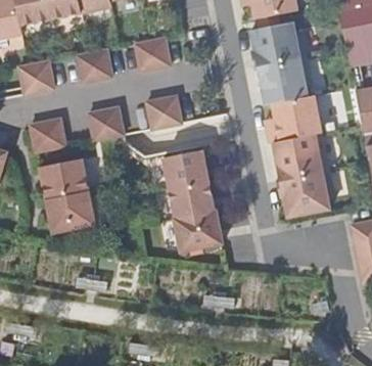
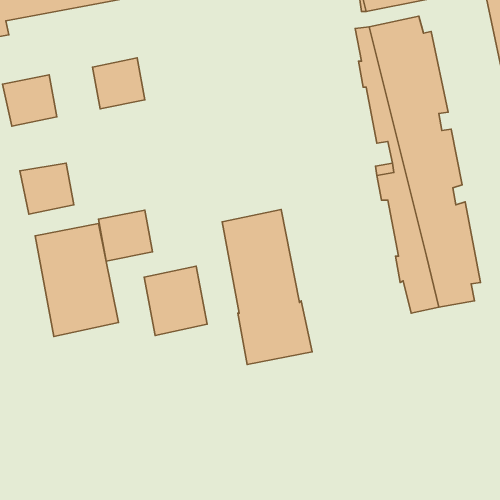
building: [135,36,171,70] -> none
building: [146,94,182,128] -> none
building: [88,105,124,139] -> [98,210,153,261]
building: none -> [144,266,207,335]

